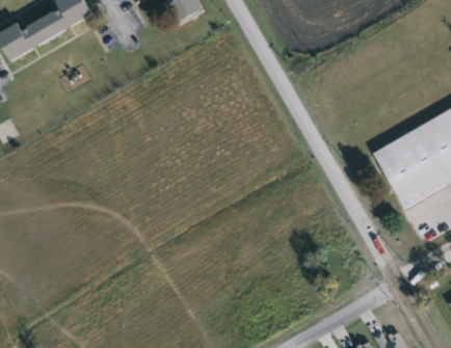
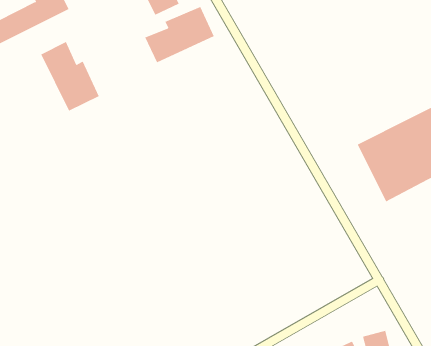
building: none -> [145,6,214,63]
building: none -> [40,41,99,111]

